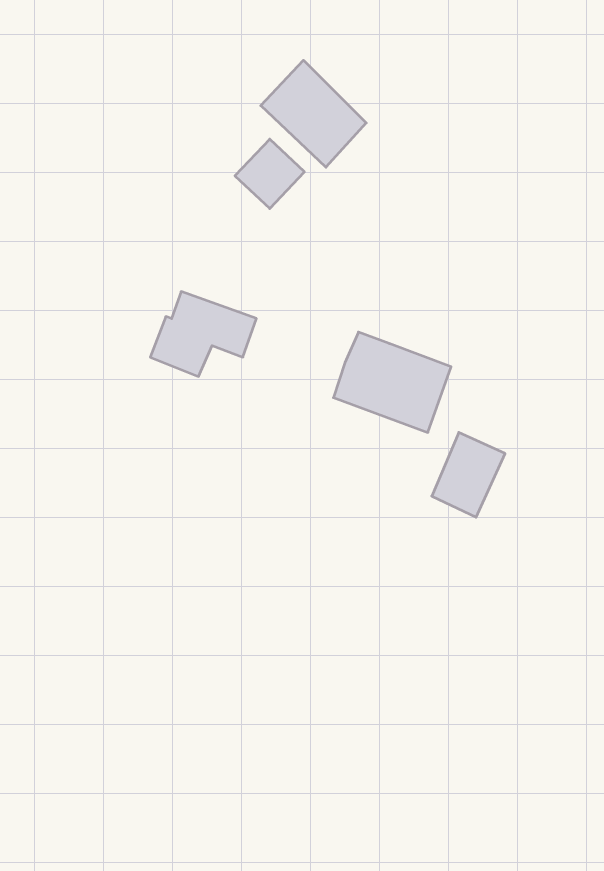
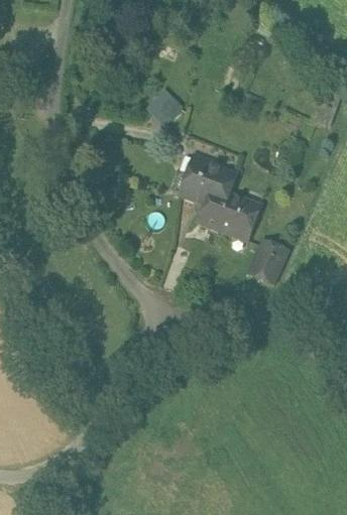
building: [261,60,366,167] -> none
building: [150,292,256,376] -> [179,159,234,204]

